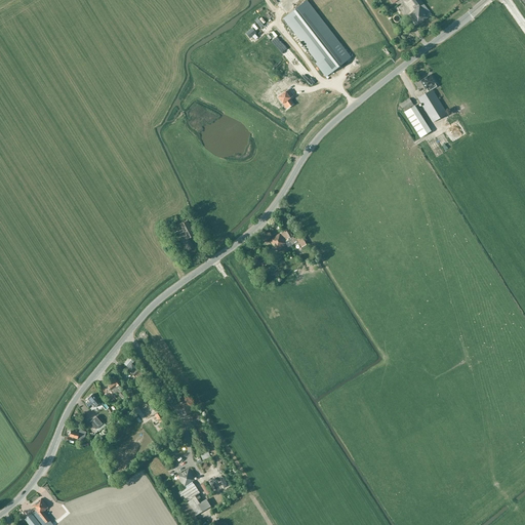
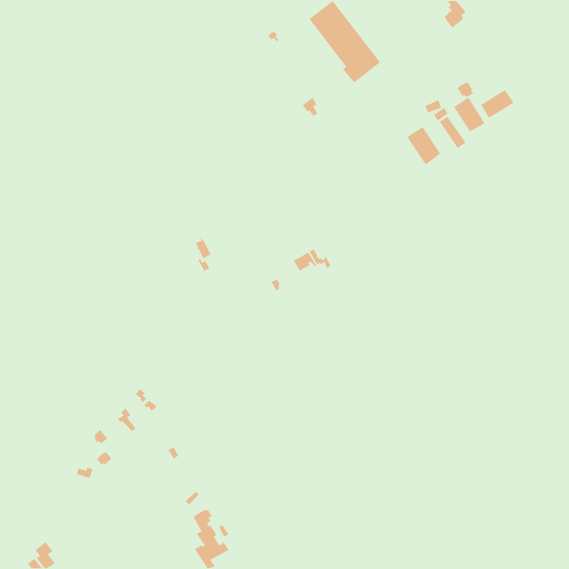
building: none -> [480,89,514,119]
building: none -> [406,126,441,165]

